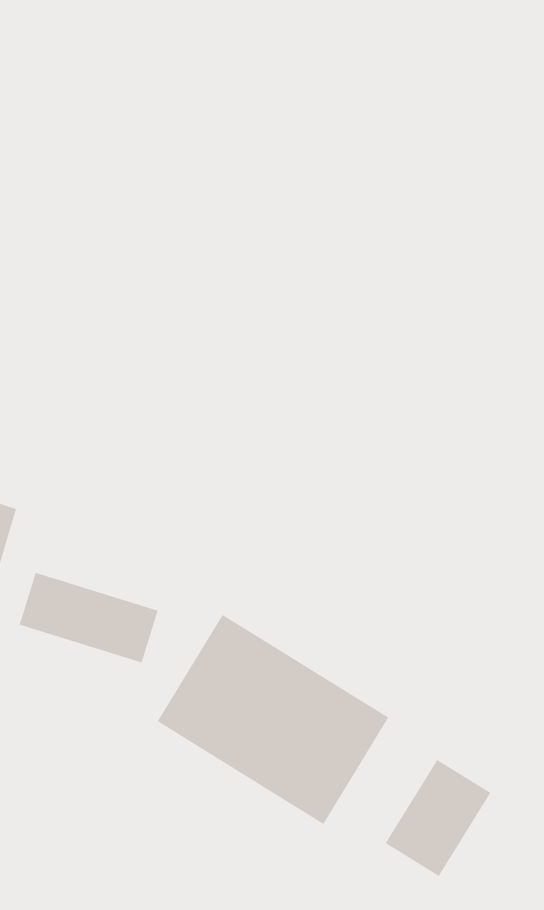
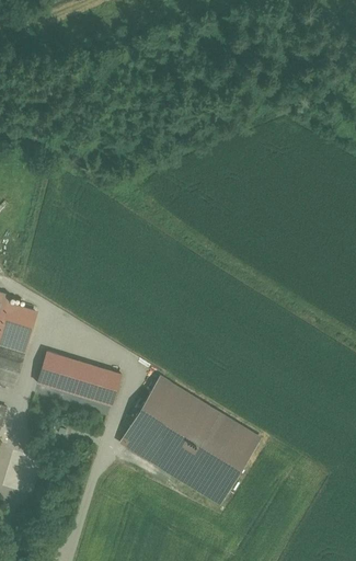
building: [385,759,491,877] -> none

